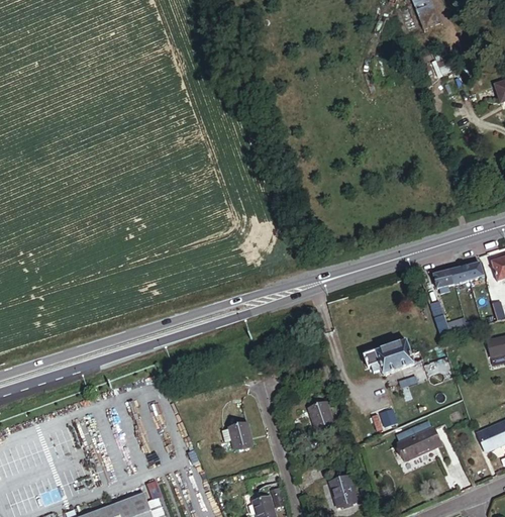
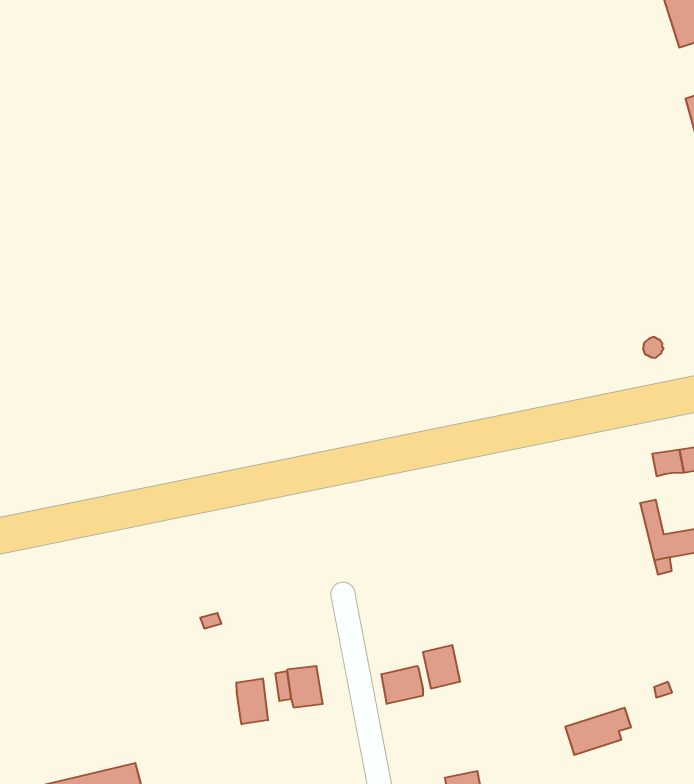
building: [364,338,422,374] -> none
building: none -> [381,666,423,704]
building: none -> [237,678,268,724]

